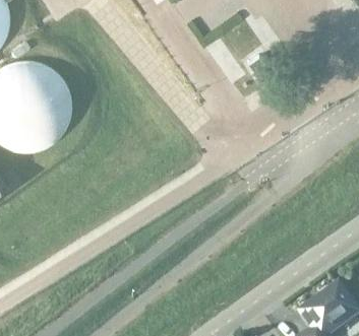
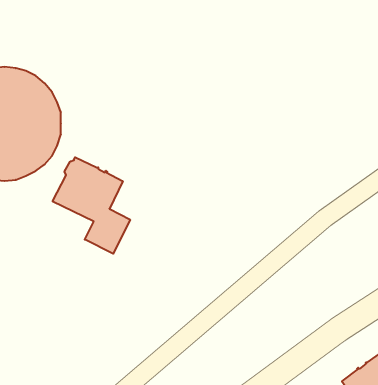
building: none -> [53,157,130,254]

